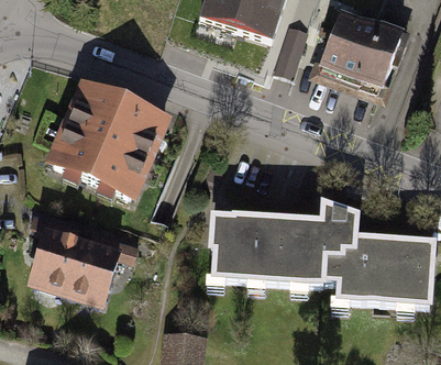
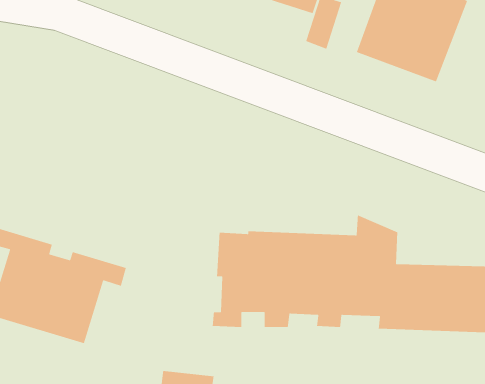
building: [42,77,168,199] -> none

